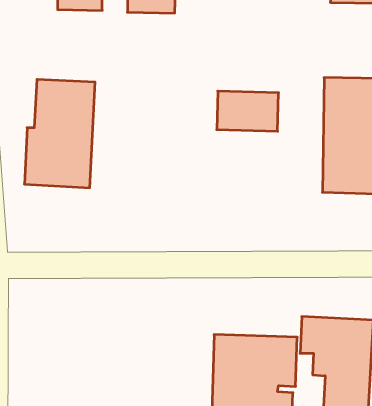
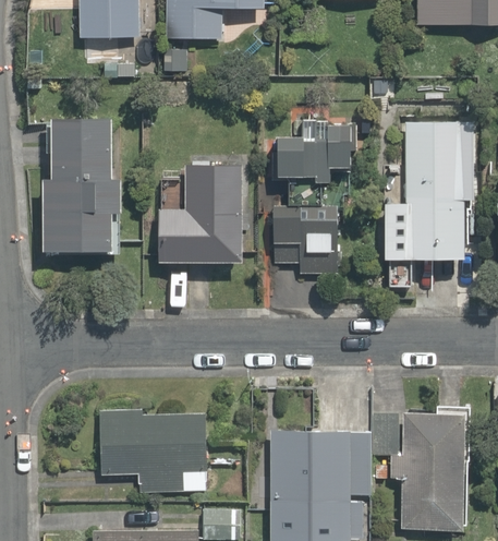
building: none -> [151,163,241,266]
building: none -> [275,207,339,275]
building: none -> [98,411,209,492]

